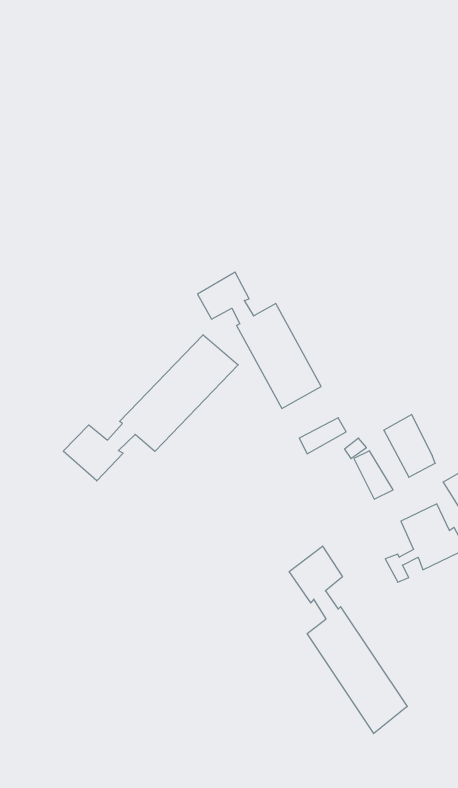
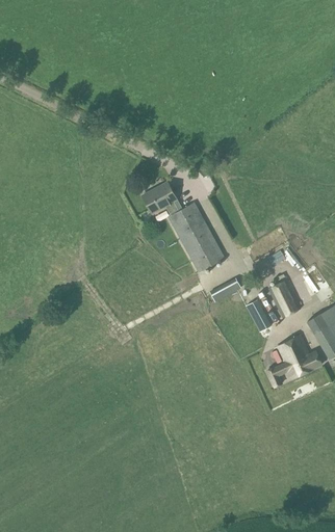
building: [63,335,238,481] -> none
building: [289,546,407,734] -> none

